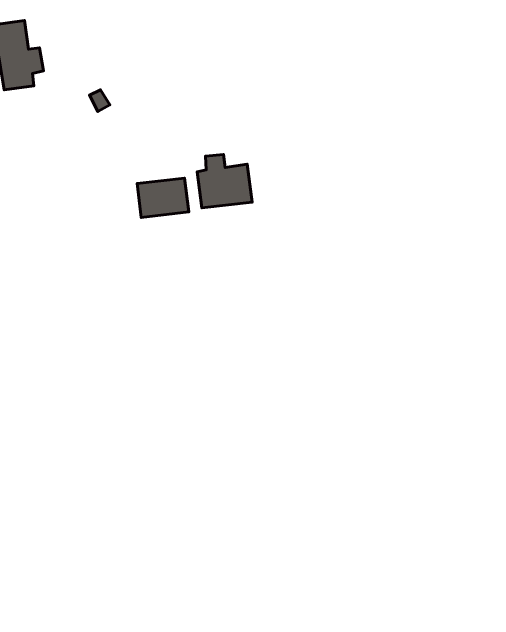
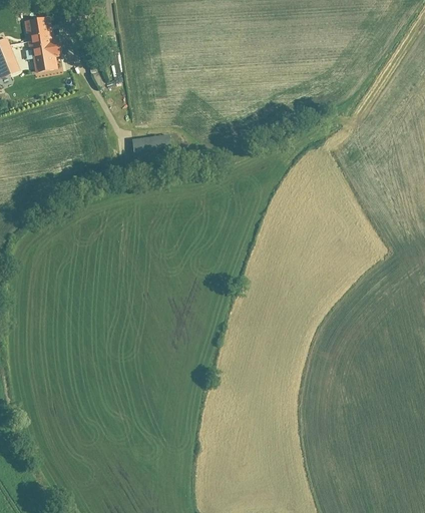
building: [197,155,252,208] -> none

